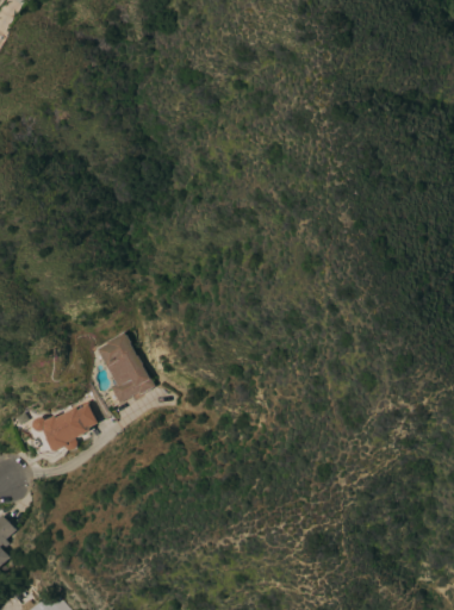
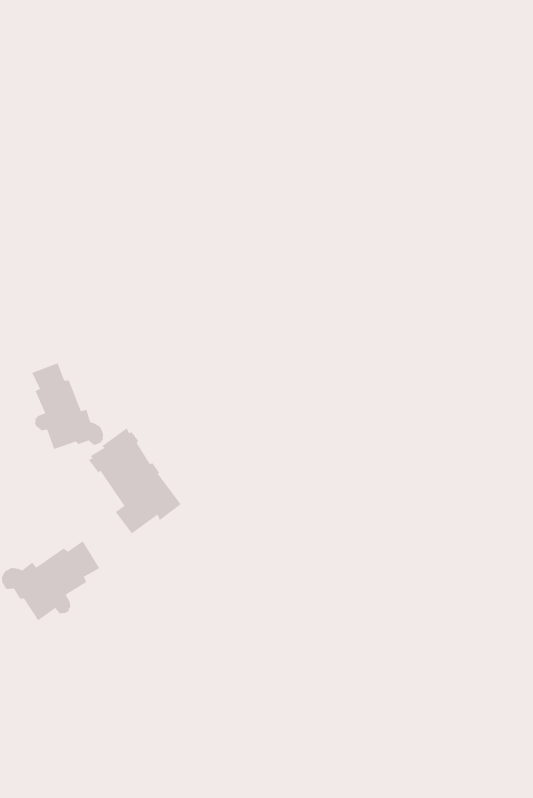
building: none -> [31,363,104,450]

